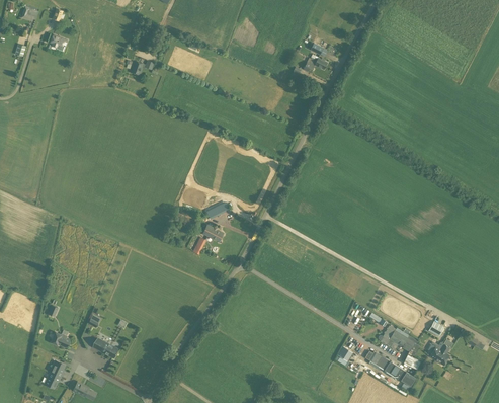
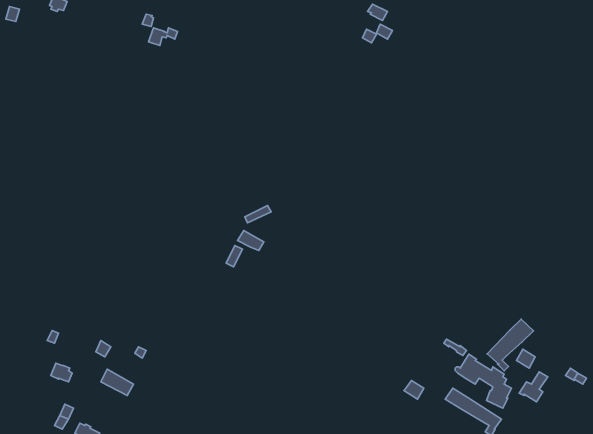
building: none -> [487,319,534,371]

